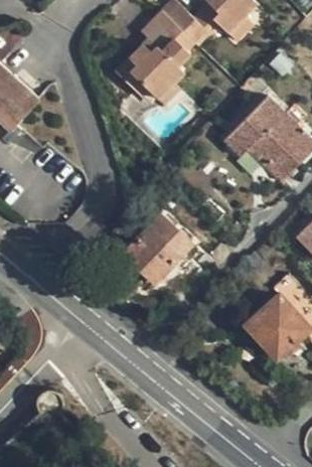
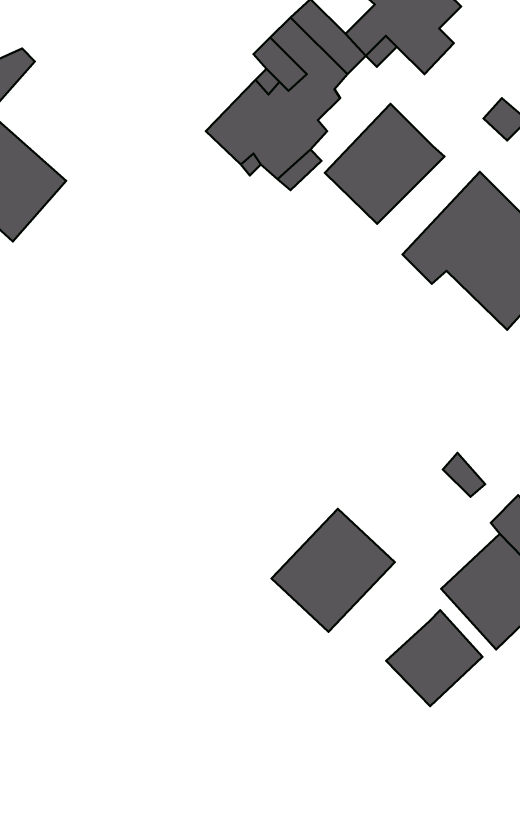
building: none -> [325,104,445,224]
building: [123,214,190,282] -> [272,509,395,632]
building: none -> [386,610,483,706]

